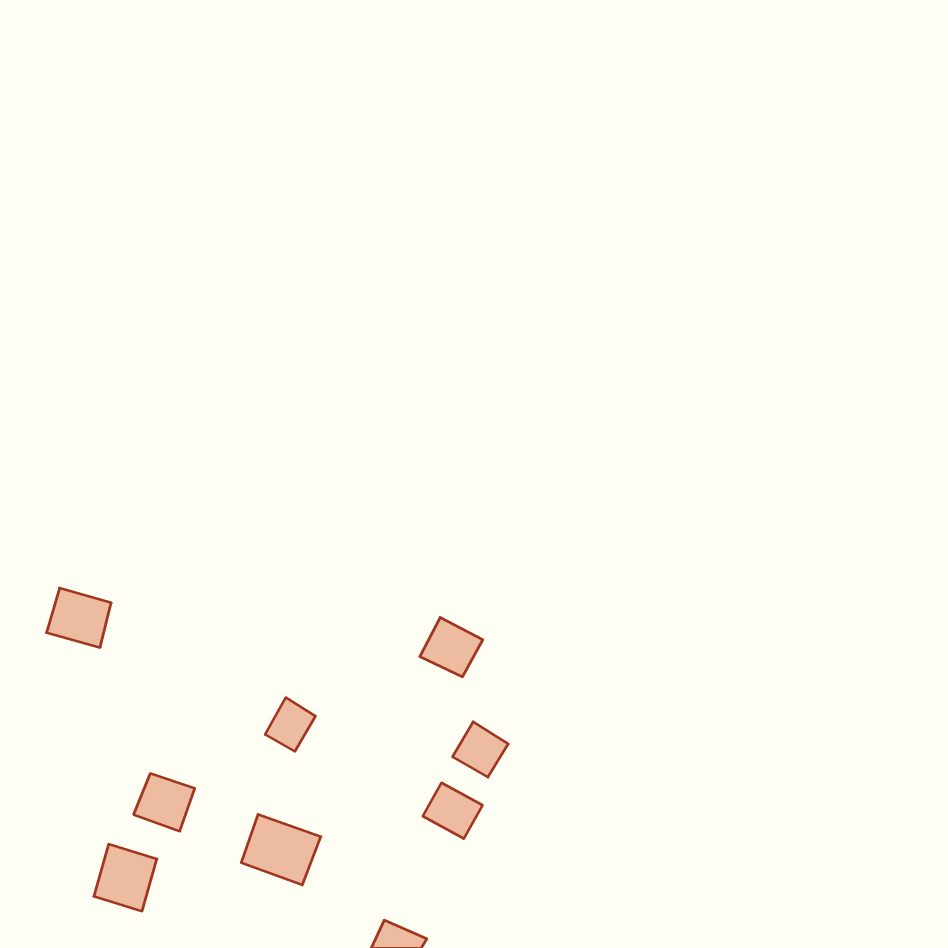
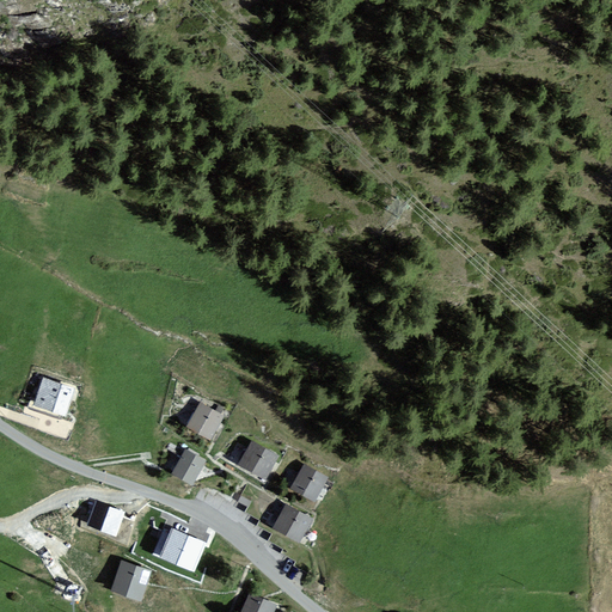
building: [420,617,483,677] -> [237,442,277,481]
building: none -> [185,404,221,441]
building: [94,844,157,911] -> [111,557,152,600]

